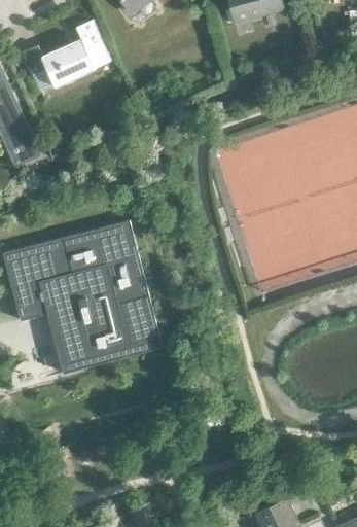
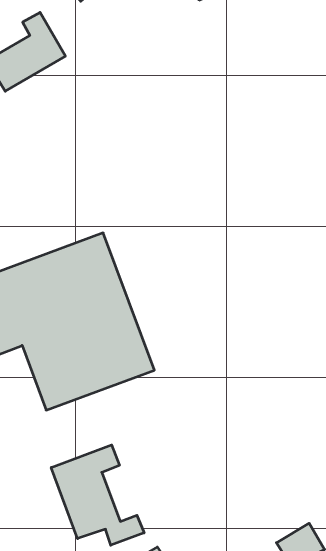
building: none -> [51,445,144,545]

